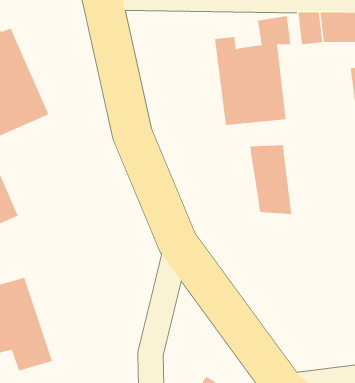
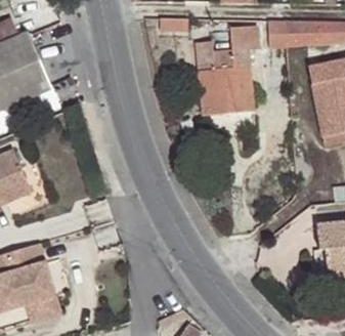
building: [250,145,292,215] -> none

